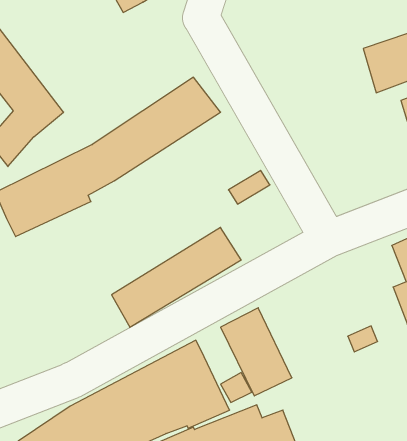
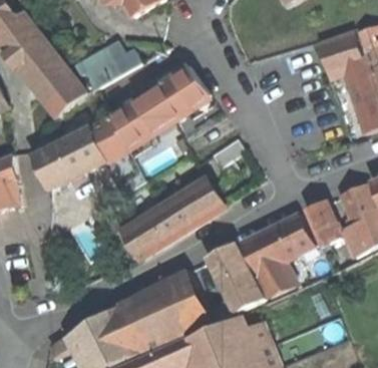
building: none -> [82,47,127,90]
building: none -> [304,203,339,247]
building: none -> [239,215,312,298]

